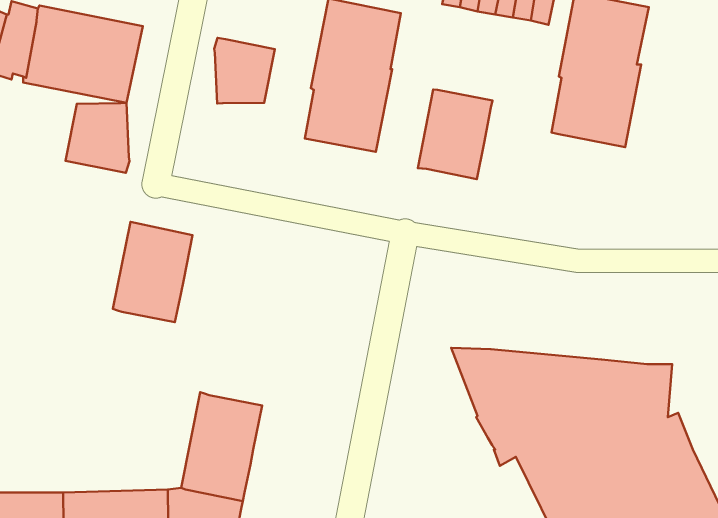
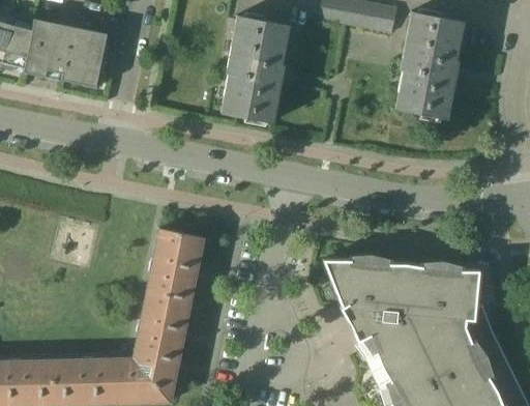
building: [214,38,275,104] -> none
building: [418,89,492,179] -> none
building: [66,103,129,173] -> none
building: [113,222,193,322] -> [148,229,204,299]

